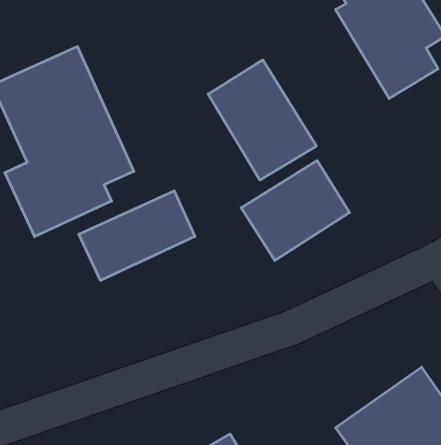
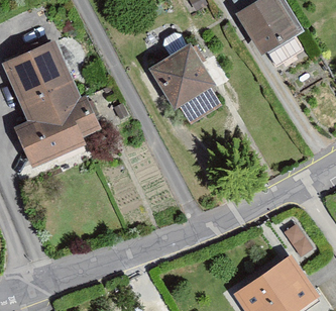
building: [241,161,350,261] -> none
building: [79,191,195,280] -> none

